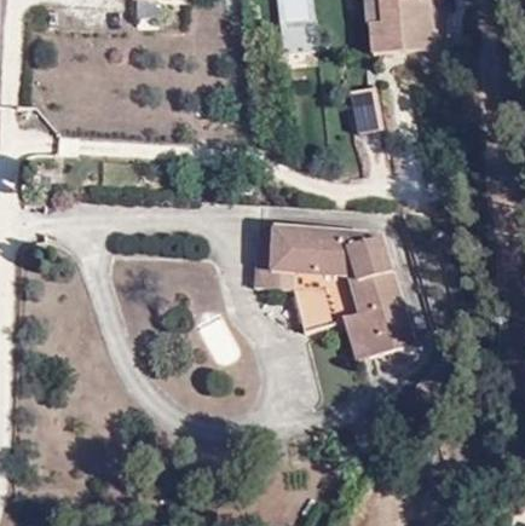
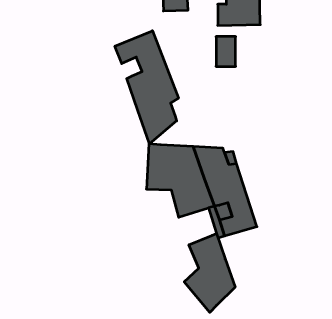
building: none -> [115,31,178,144]
building: none -> [184,234,235,312]

